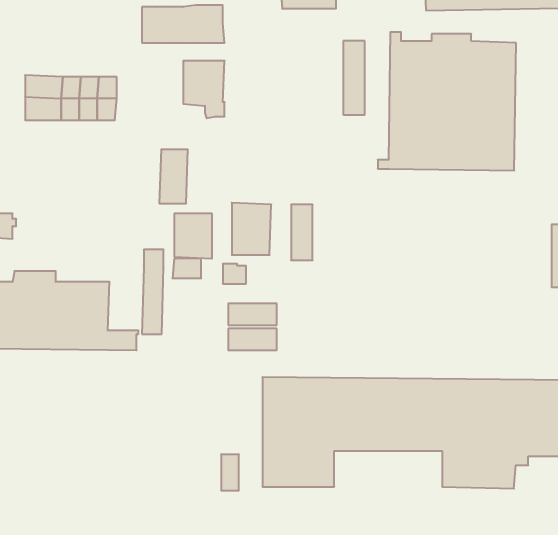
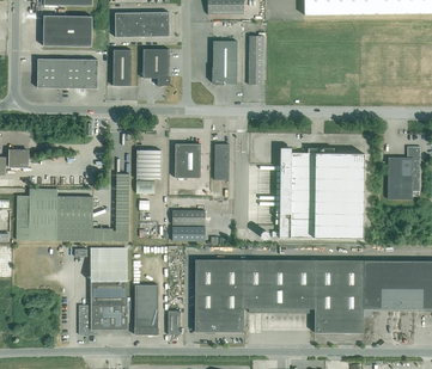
building: none -> [43,16,92,47]
building: [378,32,516,170] -> [272,147,364,239]
building: none -> [212,41,237,85]
building: [159,150,188,203] -> [112,50,132,86]
building: none -> [79,250,127,334]
building: none -> [134,285,158,337]

